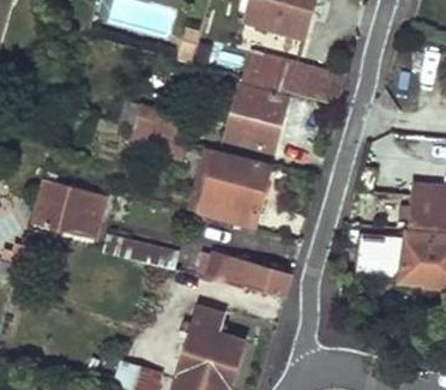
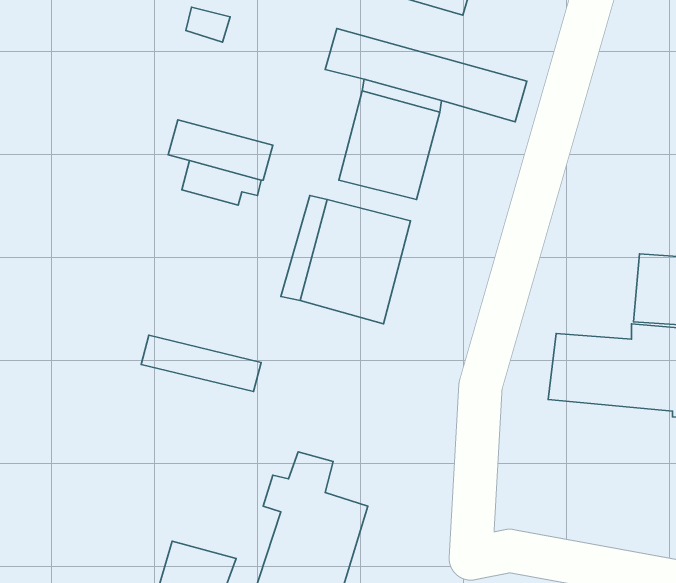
building: [31,179,106,238] -> none
building: [206,252,290,296] -> none

